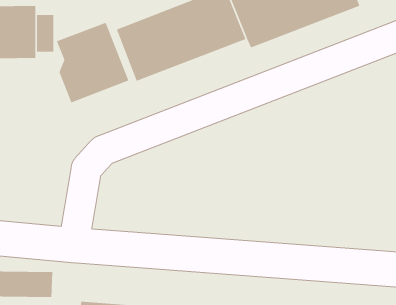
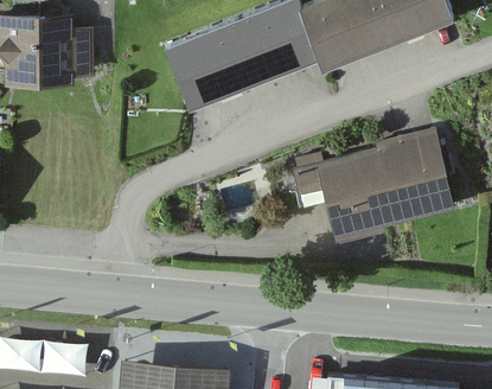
building: [56,22,130,104] -> none
building: none -> [287,129,453,241]

